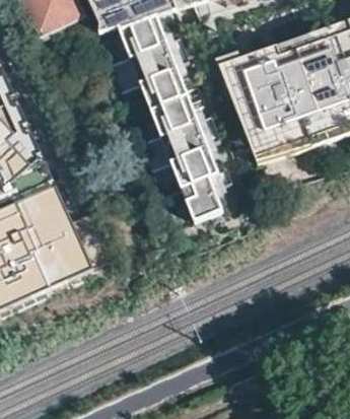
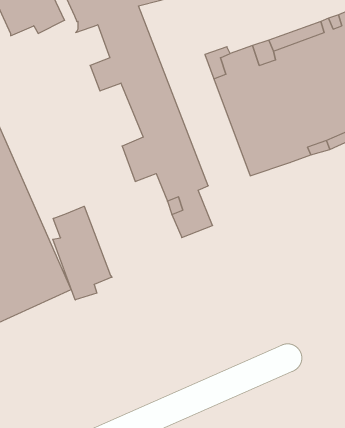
building: none -> [53,206,112,300]

